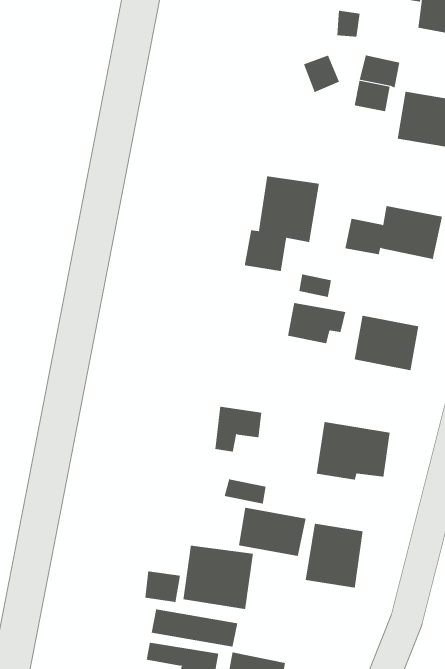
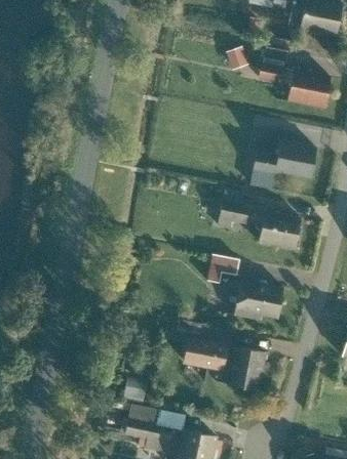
building: [244,175,320,272] -> none
building: [215,406,262,452] -> [209,255,240,285]
building: [183,545,254,610] -> none

